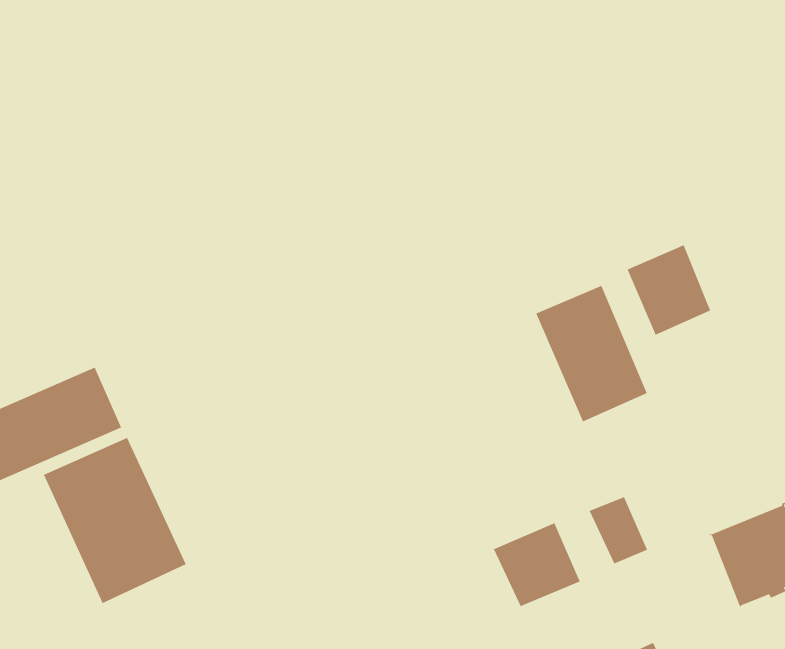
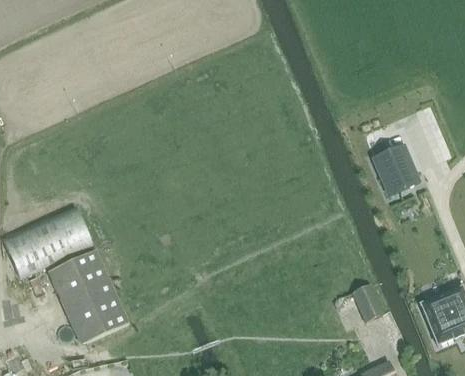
building: [535,285,648,423] -> none
building: [493,522,581,607] -> none

